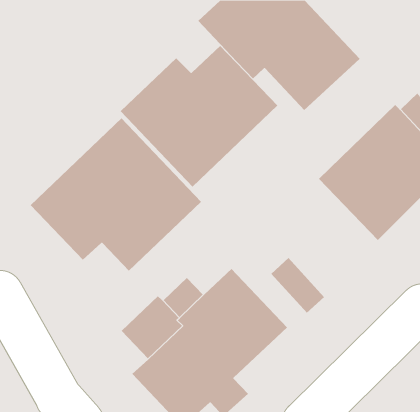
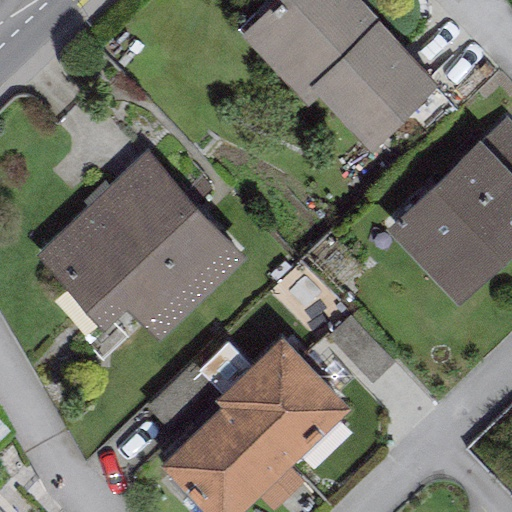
building: [120,45,278,188] -> none

